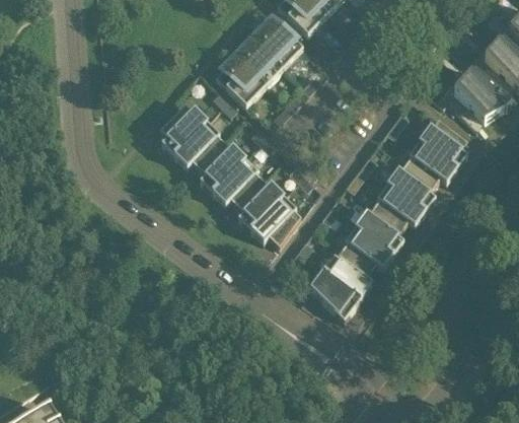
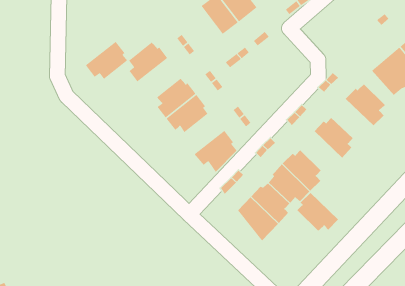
building: [215,54,266,104] -> none
building: [173,120,223,167] -> [85,41,128,80]
building: [405,140,456,185] -> none
building: [236,179,283,228] -> none
building: [374,183,425,227] -> [297,192,339,231]

